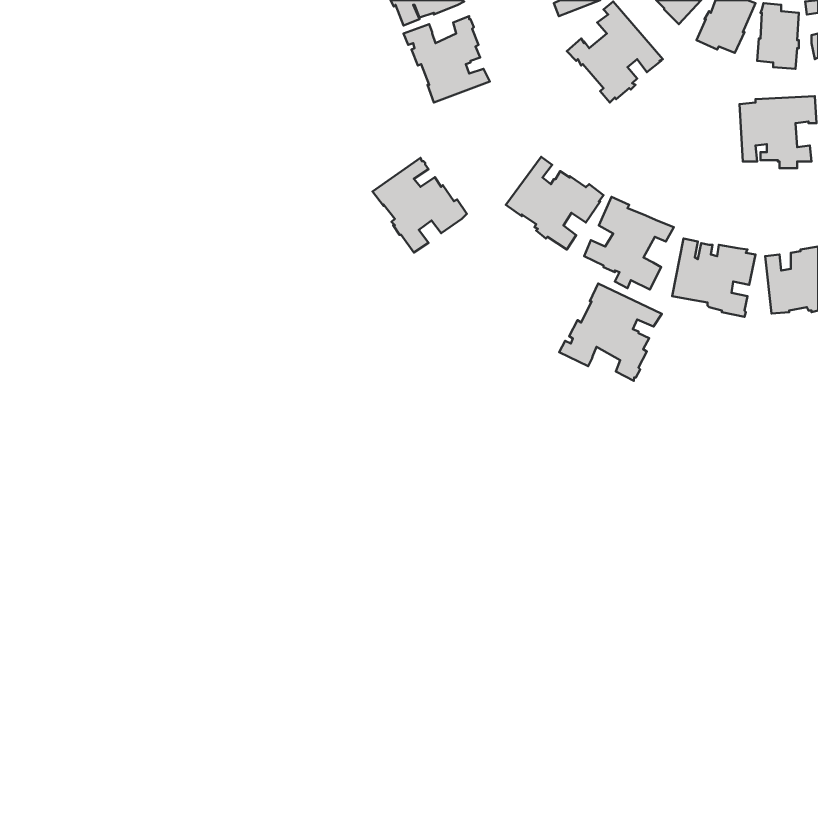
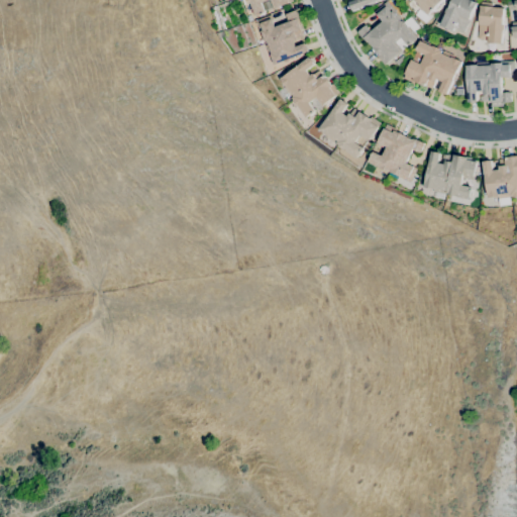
building: none -> [403,40,462,96]
building: [372,158,467,252] -> [280,59,339,118]
building: [559,283,662,381] -> none

